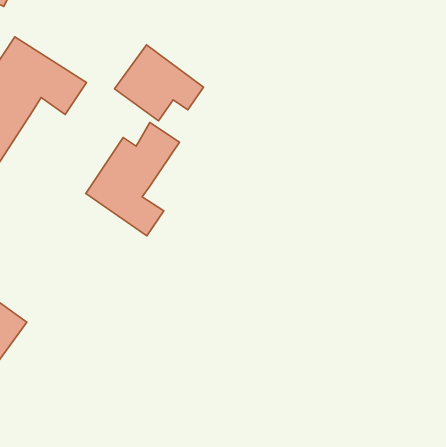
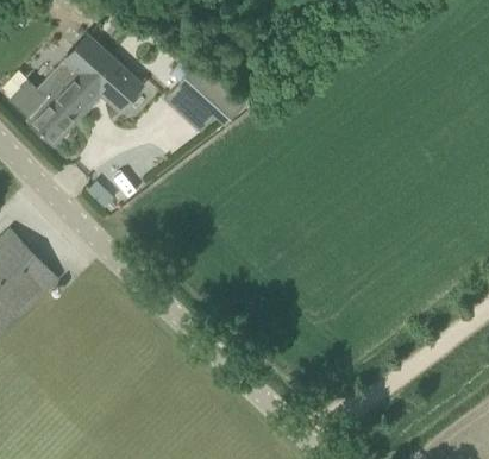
building: [86,123,179,236] -> none

